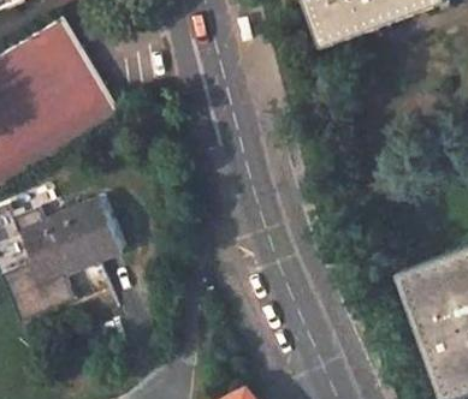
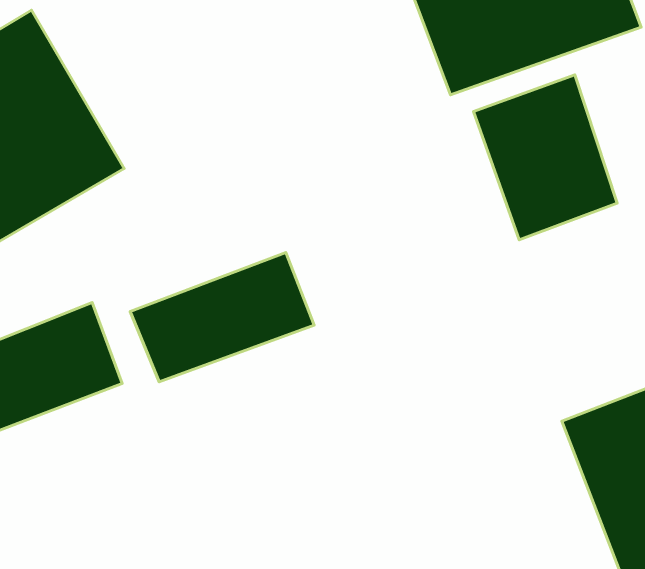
building: none -> [473,75,617,240]
building: none -> [130,252,314,382]

